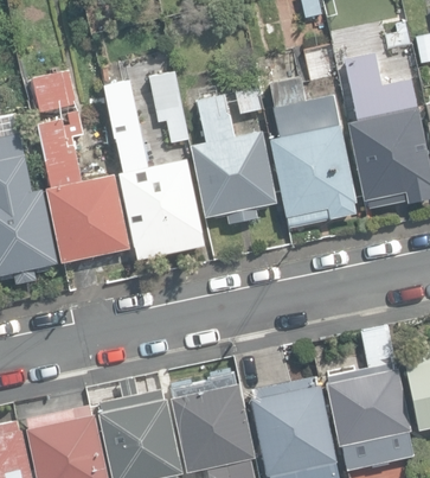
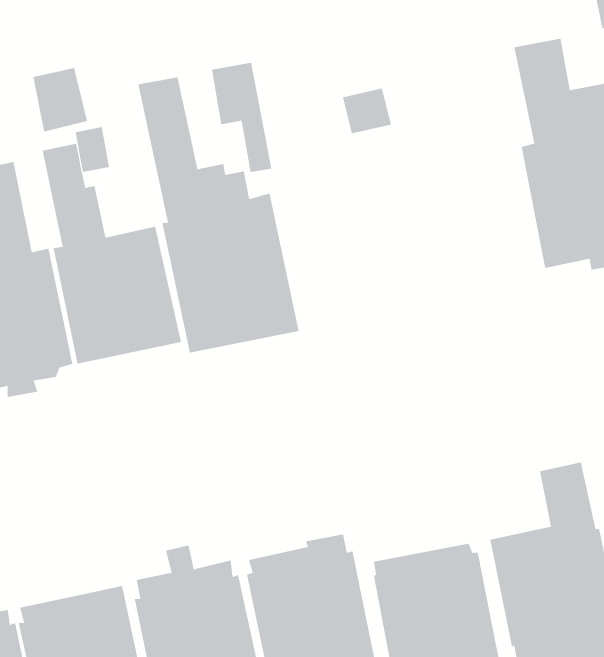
building: [269,77,357,227] -> none
building: [190,95,277,224] -> none

